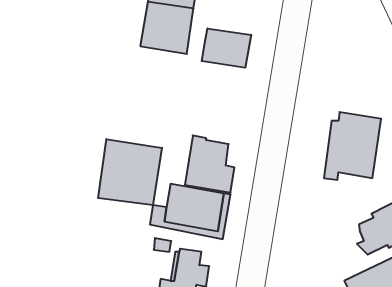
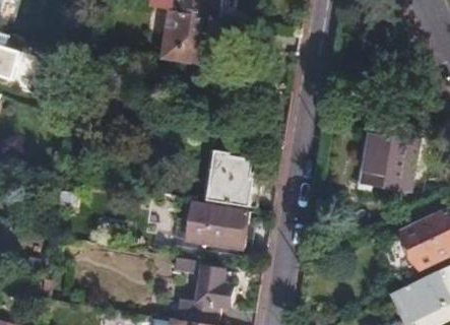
building: [202,28,251,68] -> none
building: [98,139,162,205] -> none

